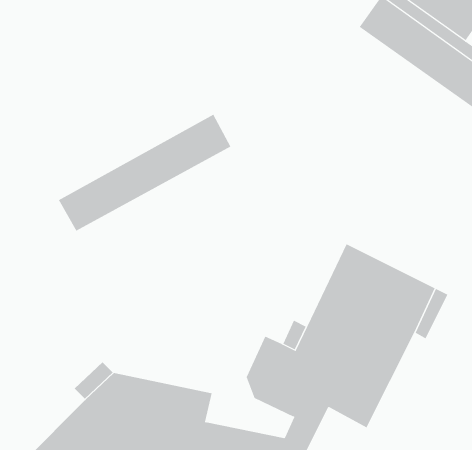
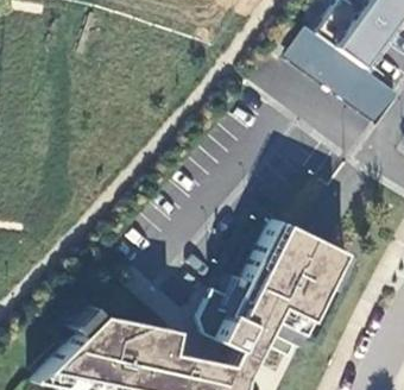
building: [58,114,231,232] -> none

